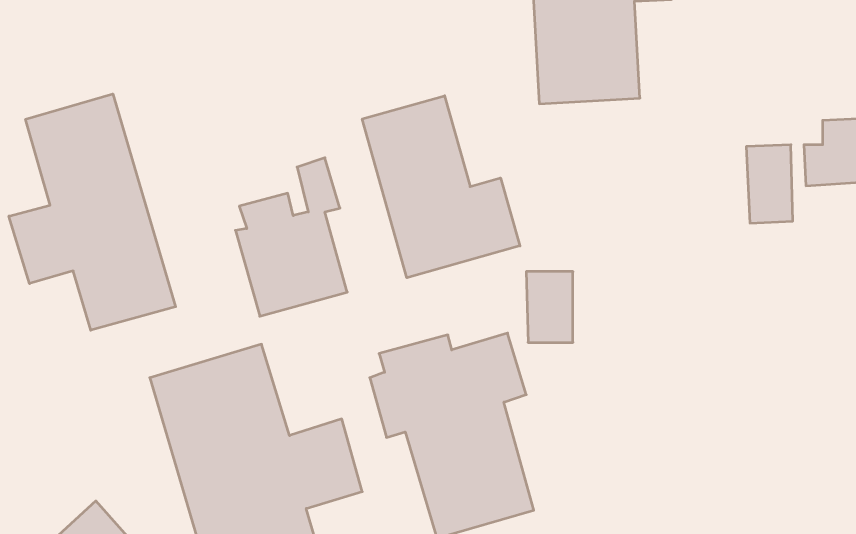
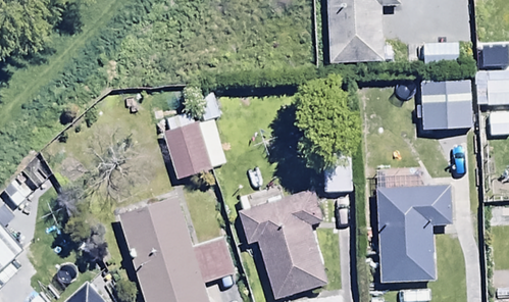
building: [9,94,176,330] -> none
building: [362,96,520,278] -> none
building: none -> [375,185,453,285]

